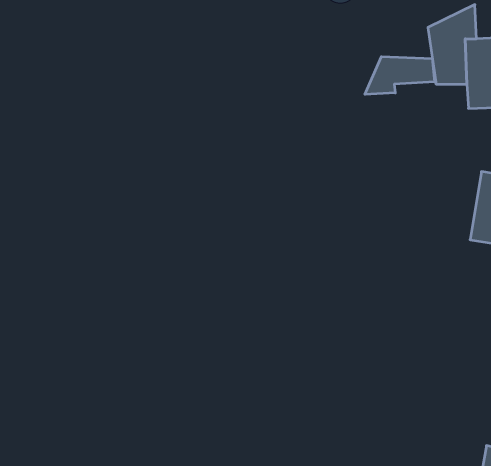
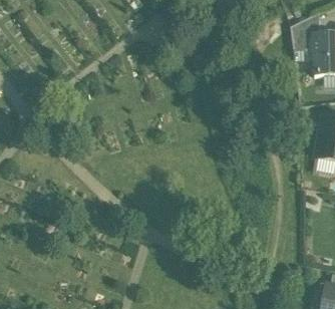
building: [365,57,435,94] -> none

